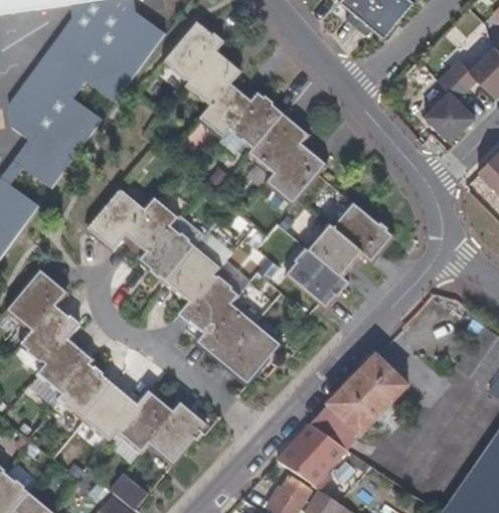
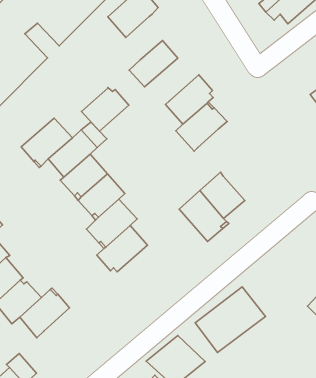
building: [189,51,243,105] -> none
building: [230,95,286,148] -> [81,87,129,131]
building: [333,201,394,261] -> none
building: [221,323,281,382] -> none
building: [148,403,203,465] -> none
building: [308,406,358,451] -> none

